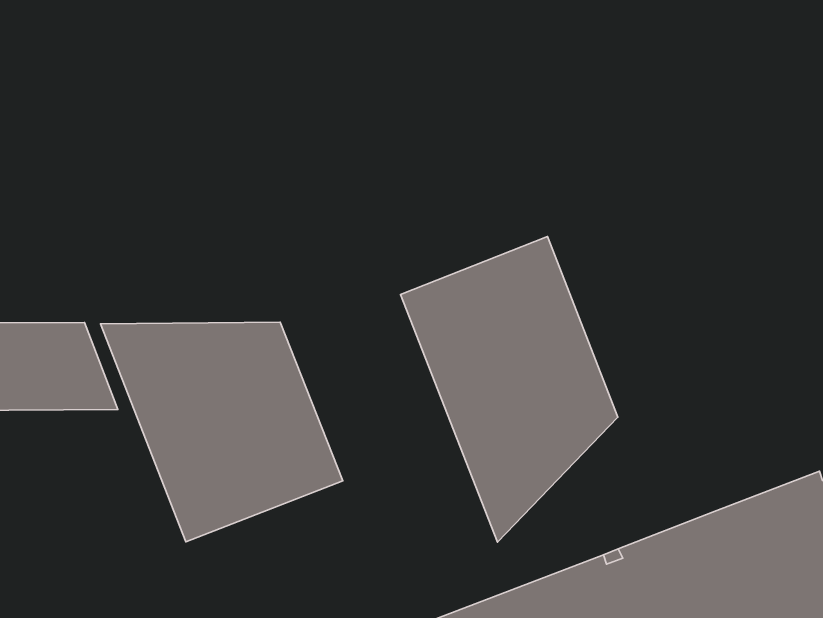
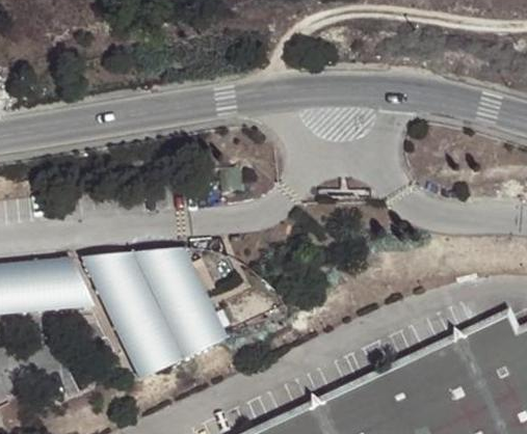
building: [401,236,618,542] -> none

